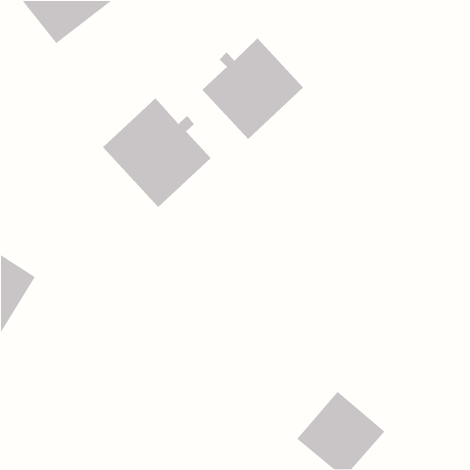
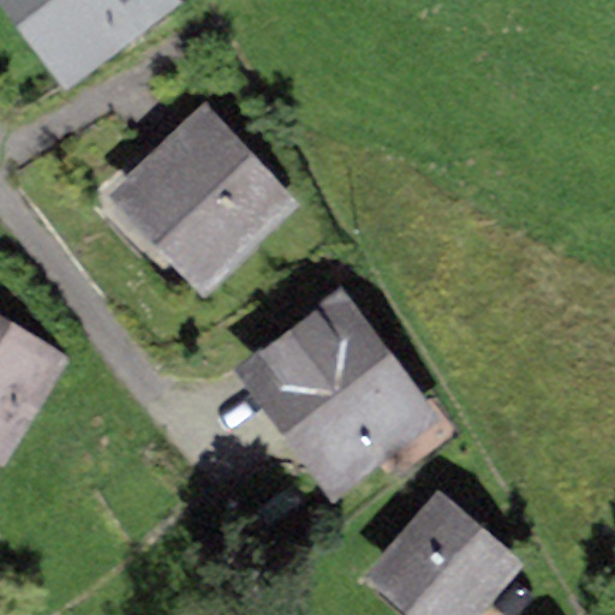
building: [202,38,304,140] -> none
building: none -> [265,317,411,467]

